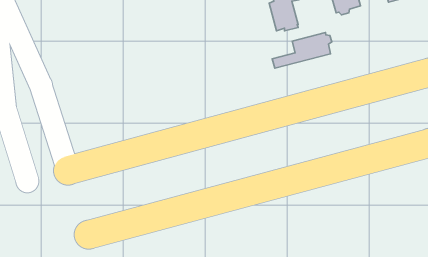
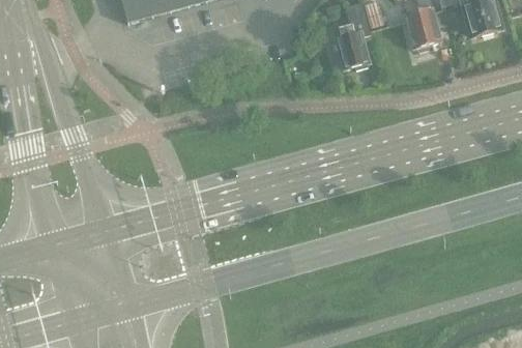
building: [272,32,332,68] -> none

